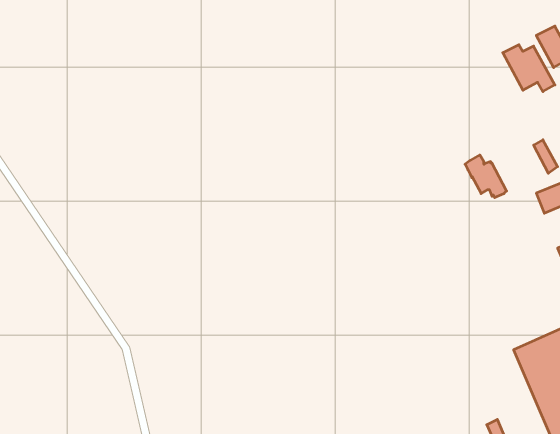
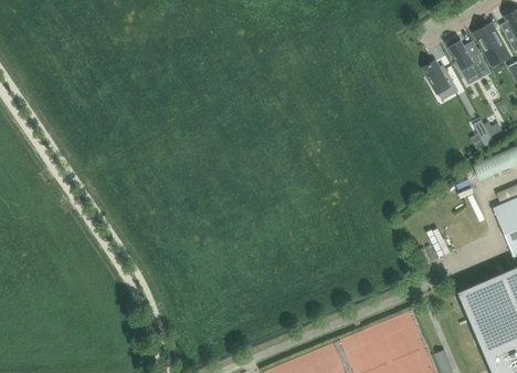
building: [465,155,507,198] -> [424,61,458,96]

